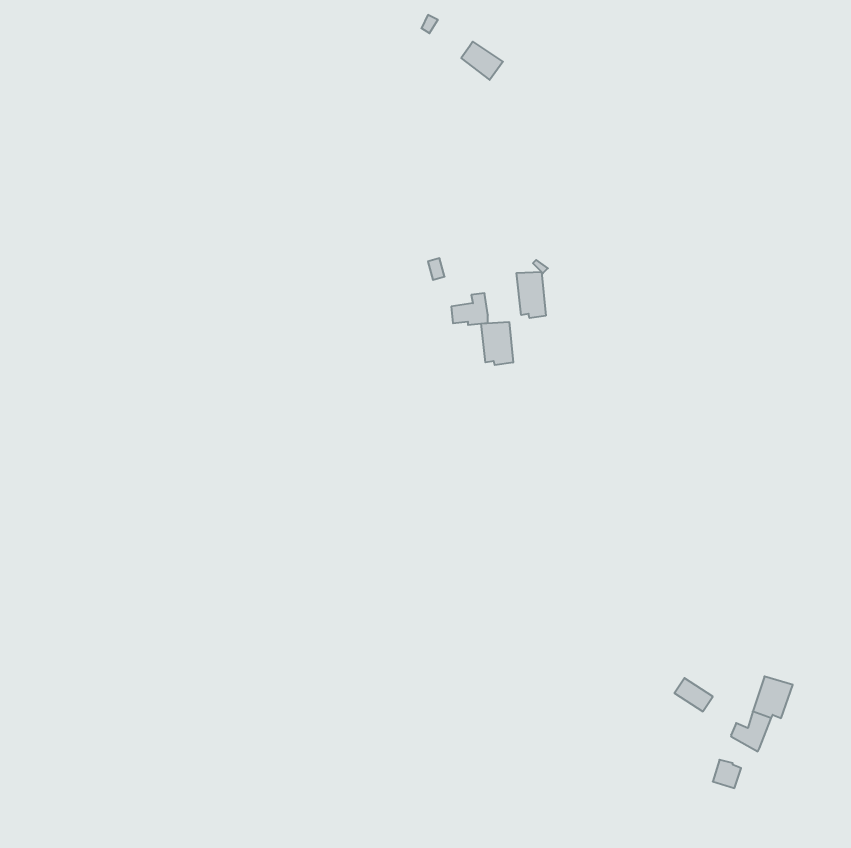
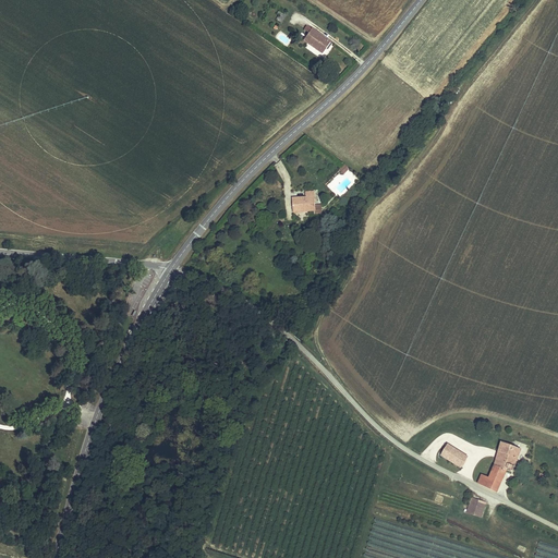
building: [517,272,546,318] -> none
building: [481,322,513,365] -> none

